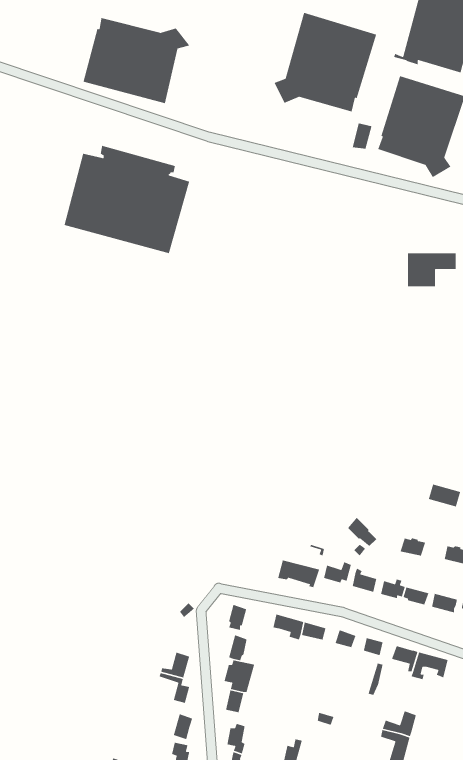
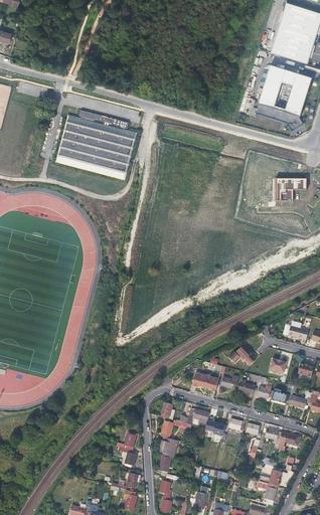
building: [273,12,377,113] -> none
building: [82,17,190,104] -> none

